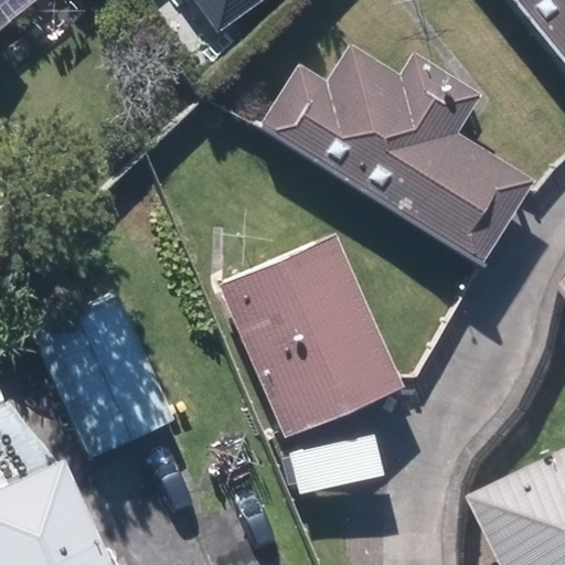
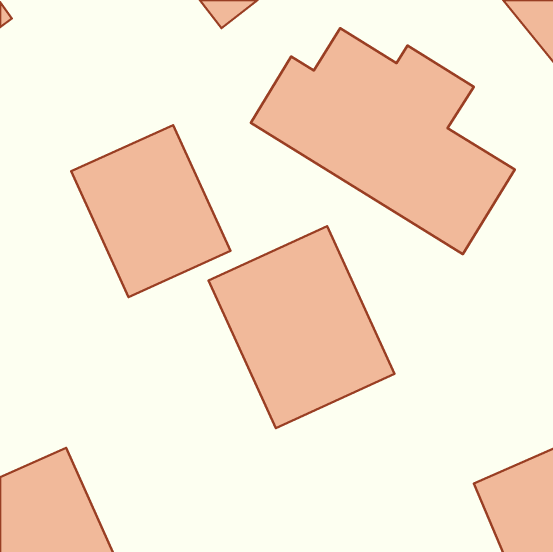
building: none -> [71,125,231,297]
building: [36,300,173,461] -> none

